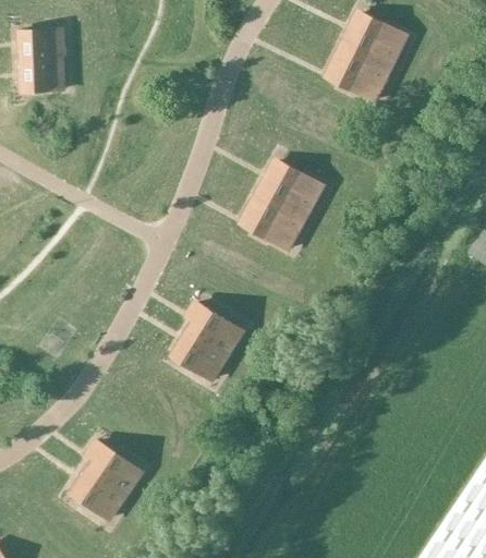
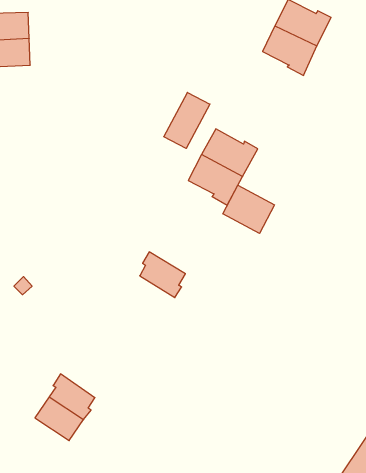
building: none -> [164,92,210,148]
building: none -> [223,185,274,233]
building: [173,330,229,379] -> none

